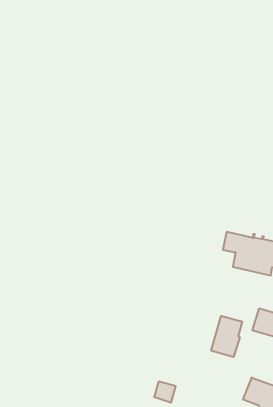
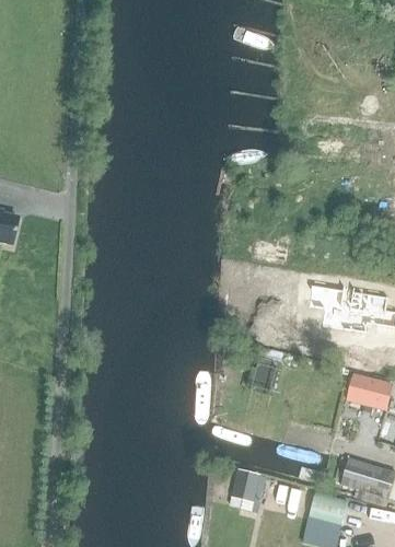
building: [211,316,242,357] -> none

